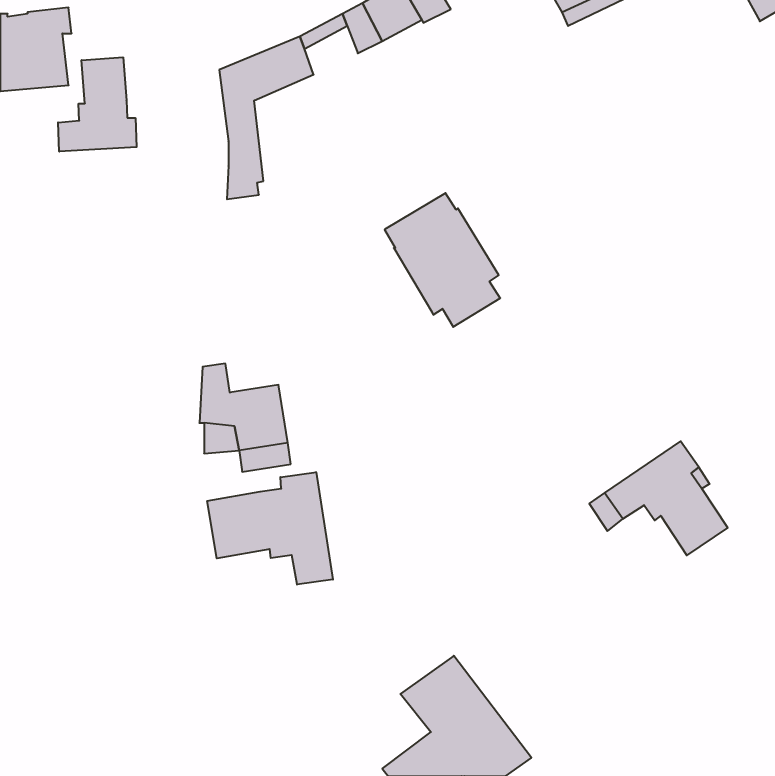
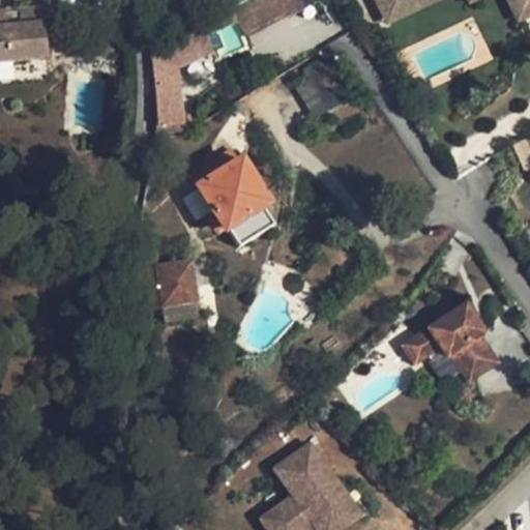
building: [58,57,137,152] -> none
building: [385,193,500,327] -> [193,151,271,242]
building: [207,472,333,585] -> none

